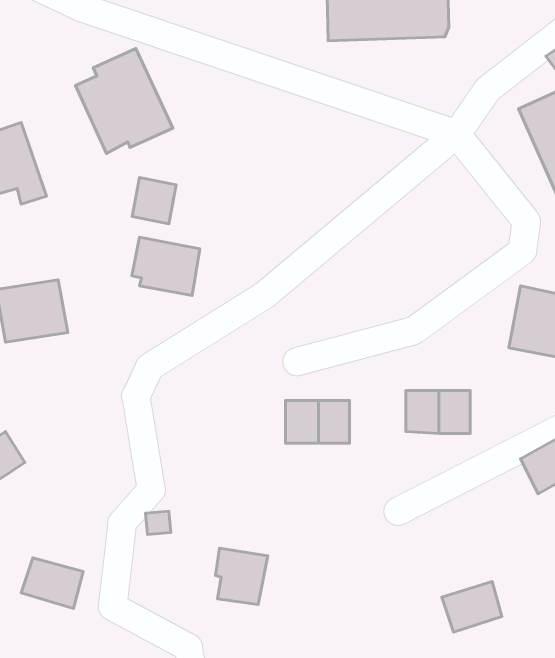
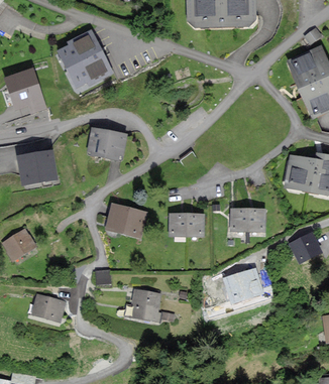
building: [132,178,176,224] -> none
building: none -> [106,205,145,237]
building: [442,582,502,632] -> [227,274,258,300]

